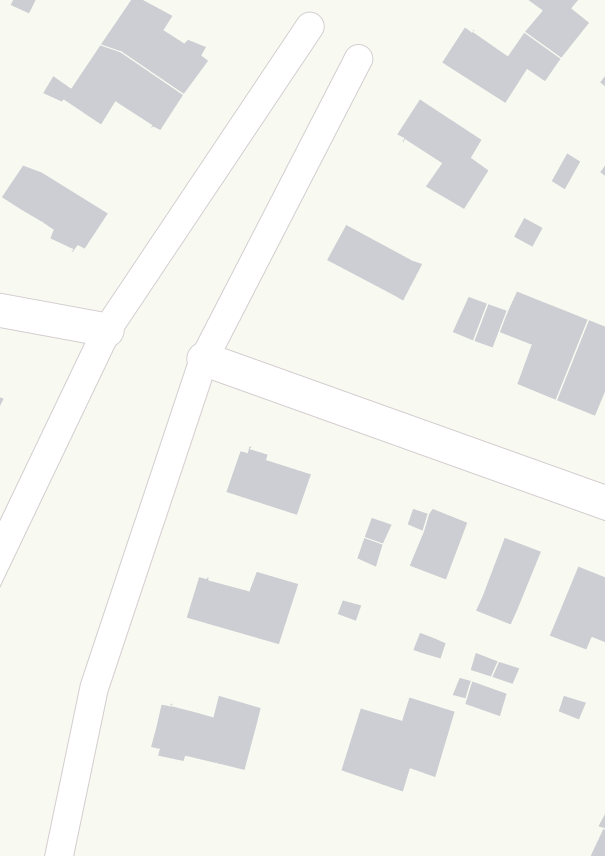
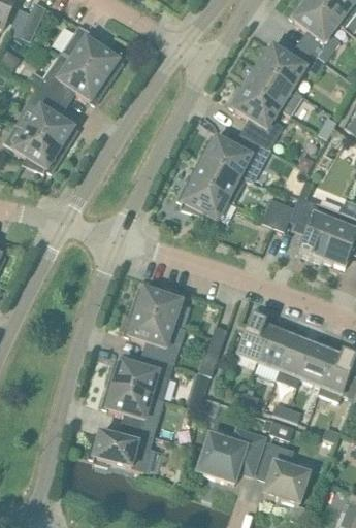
building: none -> [244,63,303,113]
building: none -> [15,85,77,150]
building: none -> [201,134,269,180]
building: none -> [179,176,229,219]
building: none -> [124,309,186,362]
building: none -> [259,327,292,368]
building: none -> [300,343,334,385]
building: none -> [102,382,163,433]
building: none -> [258,439,310,502]

